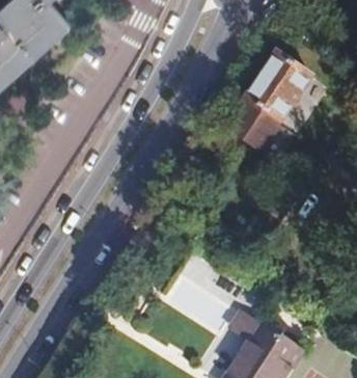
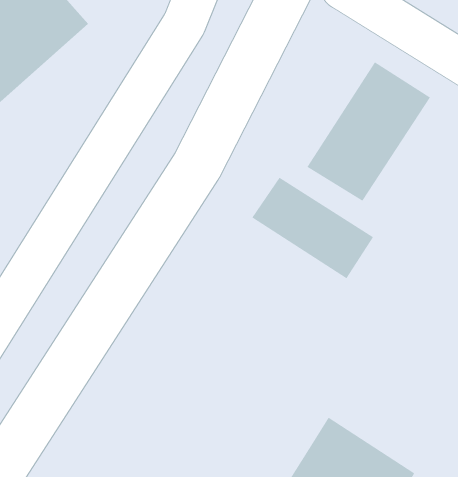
building: none -> [252,177,374,279]

